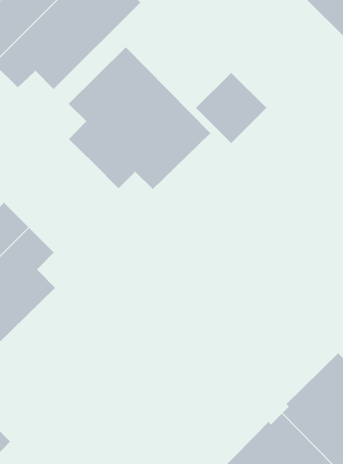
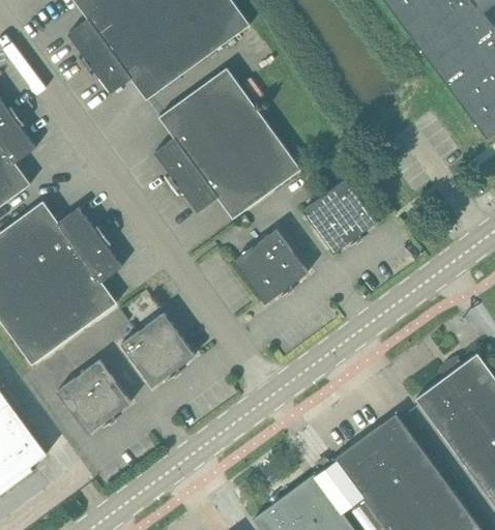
building: [195,72,267,144] -> [303,179,377,253]
building: none -> [234,230,309,303]
building: none -> [121,313,196,387]
building: none -> [57,360,130,434]

